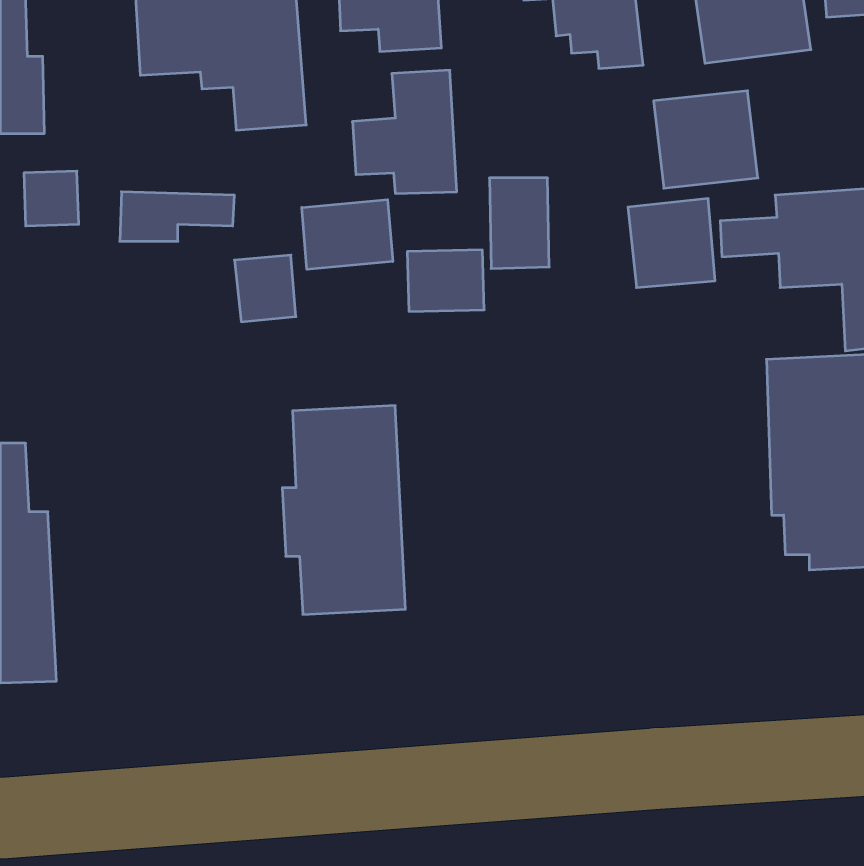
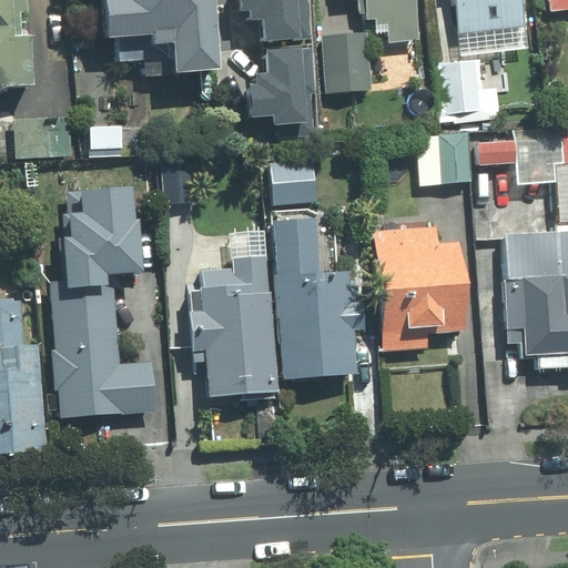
building: [489,178,549,269] -> [327,33,366,92]
building: [302,200,393,269] -> none
building: none -> [57,175,158,408]
building: none -> [270,221,356,379]
building: none -> [371,230,455,335]

